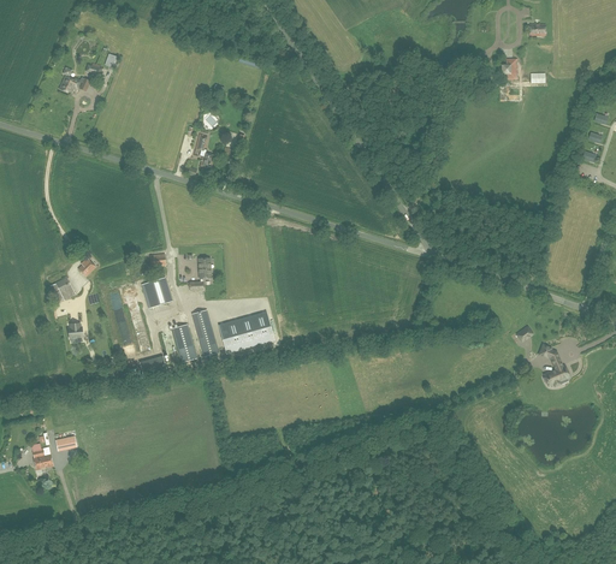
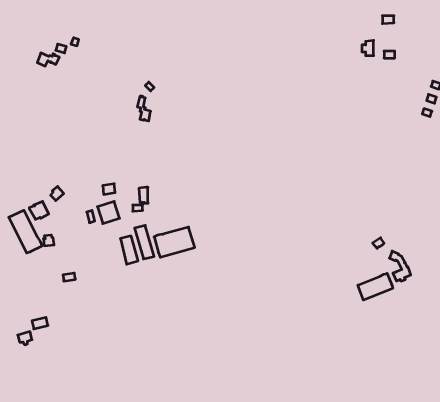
building: none -> [9,210,42,253]
building: none -> [358,273,393,300]

